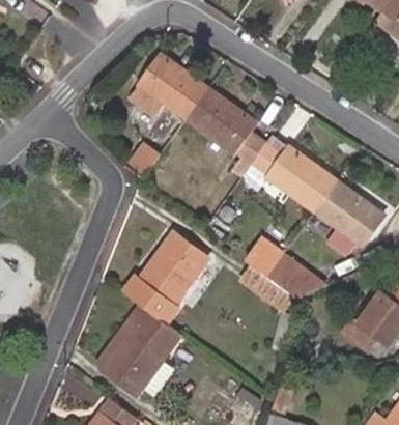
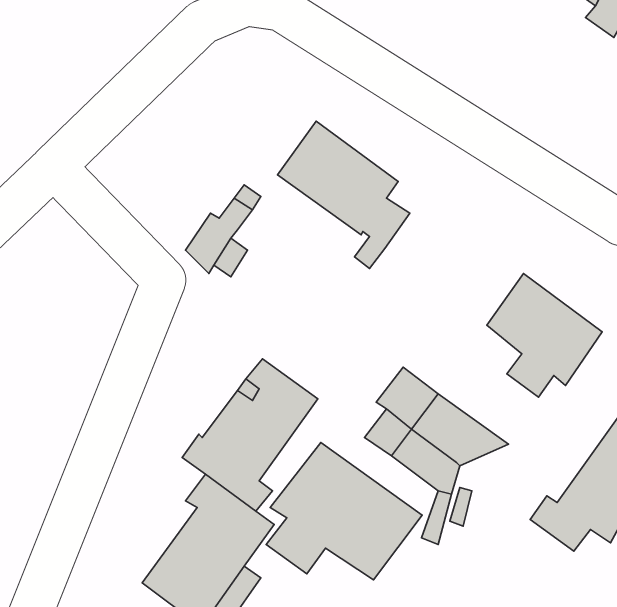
building: [127,52,207,118] -> none
building: [250,134,336,211] -> none
building: none -> [266,442,422,580]

